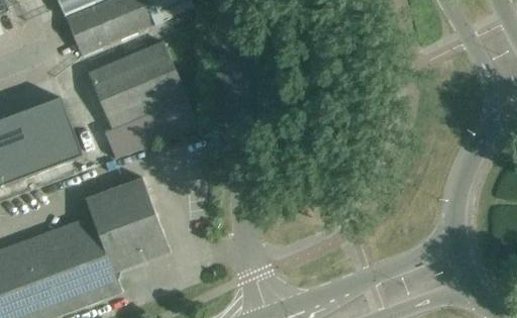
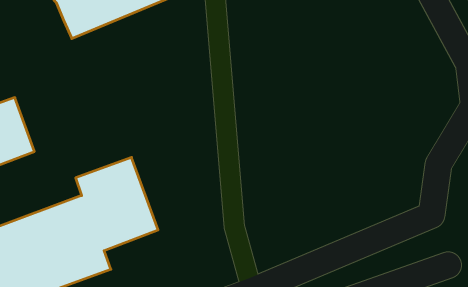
building: [88,40,198,156] -> none
building: [22,100,80,170] -> none

